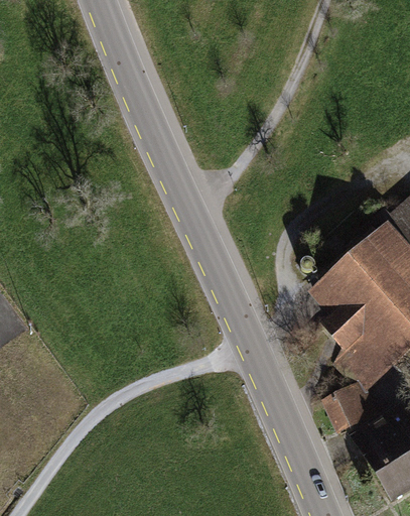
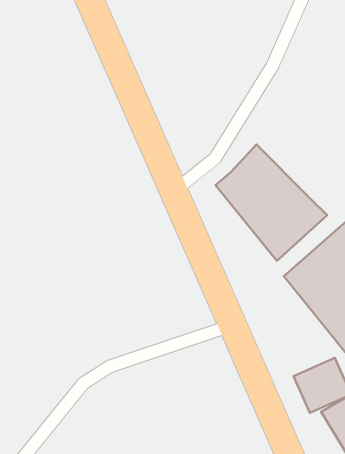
building: none -> [215,145,327,261]

